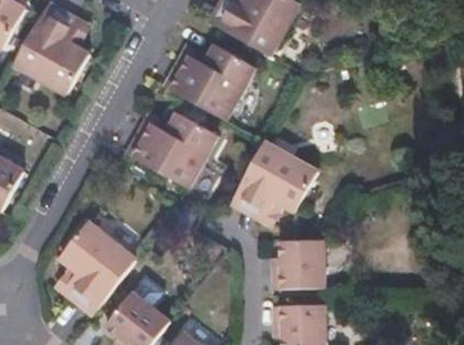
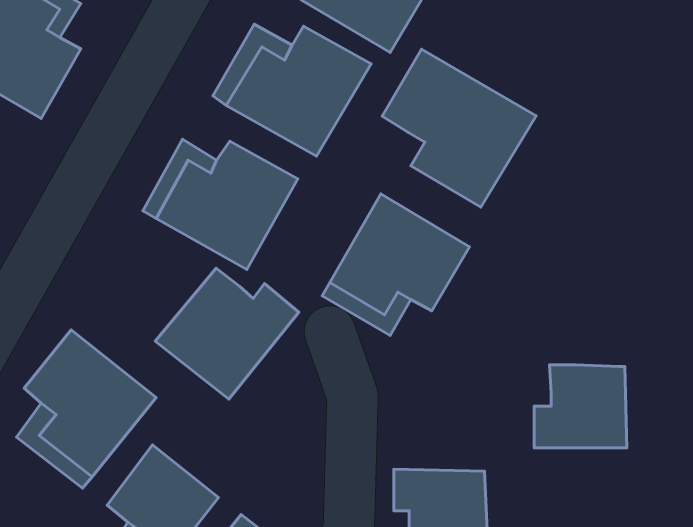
building: none -> [382,49,536,207]
building: none -> [155,268,299,399]
building: [272,237,326,286] -> [534,365,627,448]

